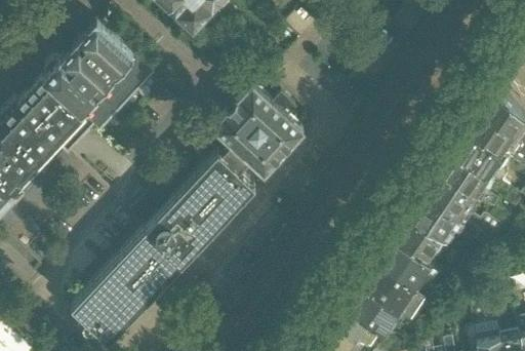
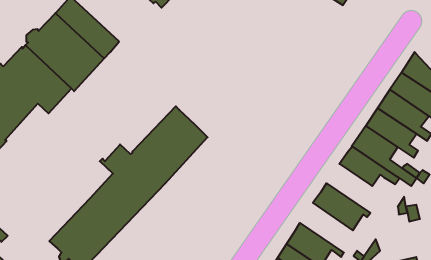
building: [214,88,305,177] -> none
building: [395,218,444,264] -> none
building: [364,263,432,322] -> none

